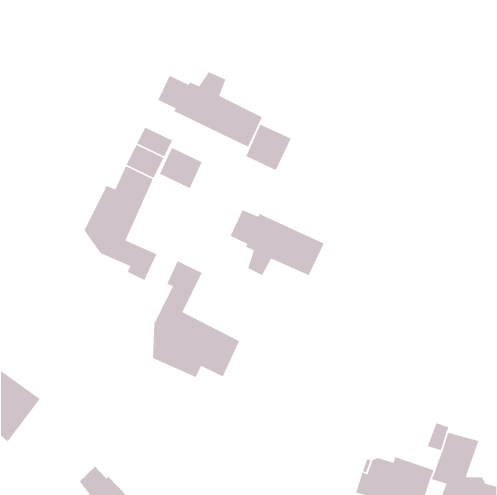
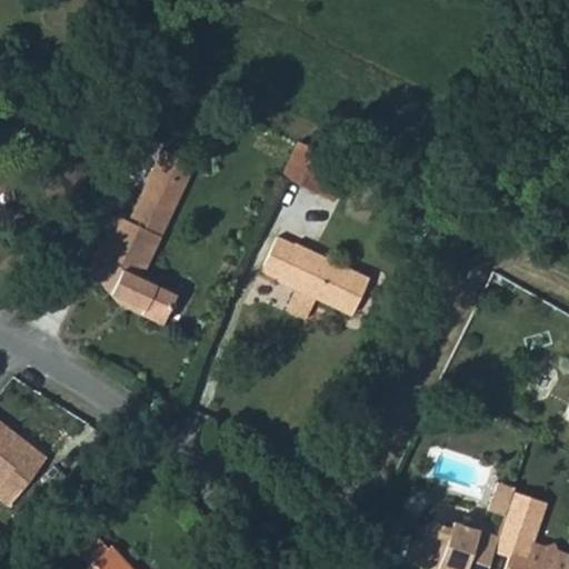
building: [157,71,263,148] -> none
building: [159,147,203,189] -> none
building: [152,260,240,378] -> none

